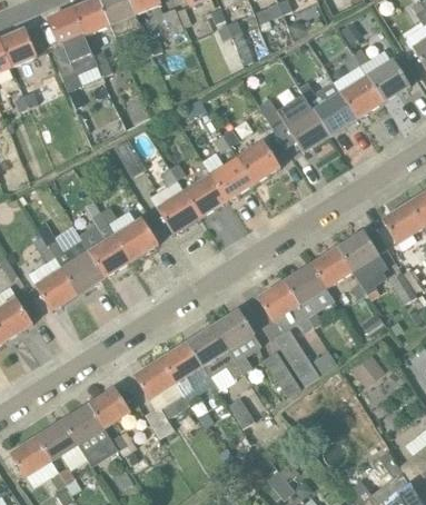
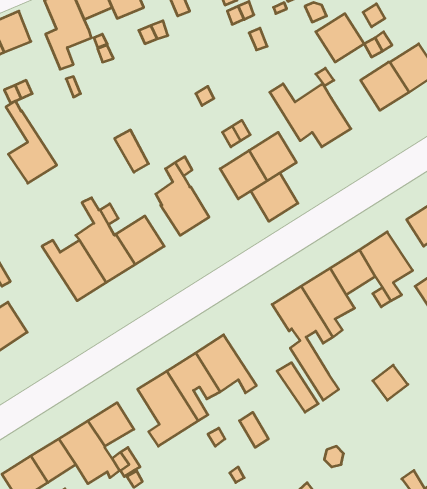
building: [313,91,357,136] -> [316,14,364,62]
building: [184,172,227,217] -> [251,173,298,221]
building: [32,235,79,310] -> [6,101,57,183]
building: [214,308,262,372] -> none

